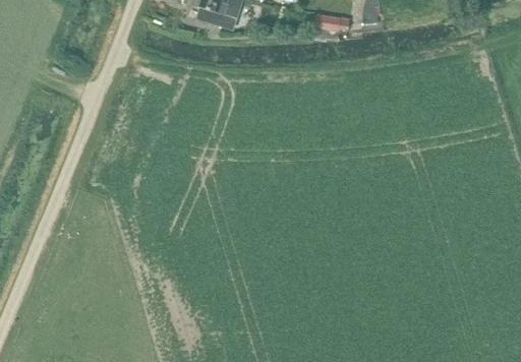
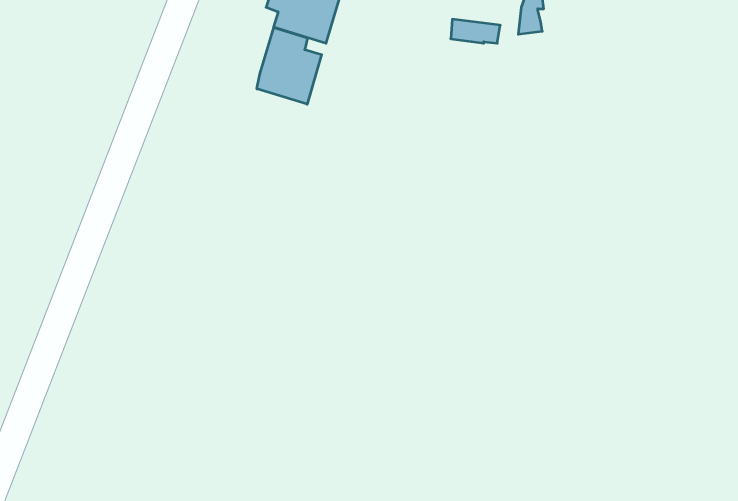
building: none -> [257,28,322,104]

